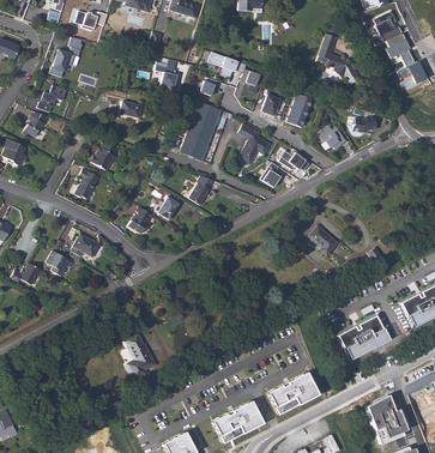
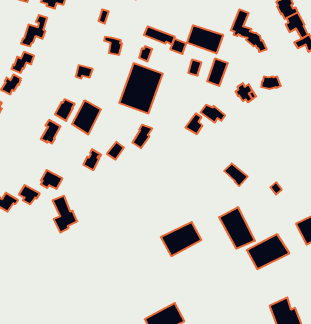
building: none -> [187,25,223,54]
building: [235,126,270,164] -> none
building: none -> [72,100,101,135]
building: none -> [219,207,255,249]
building: [125,333,156,380] -> [53,196,77,233]
building: [262,374,314,417] -> [161,222,201,256]

